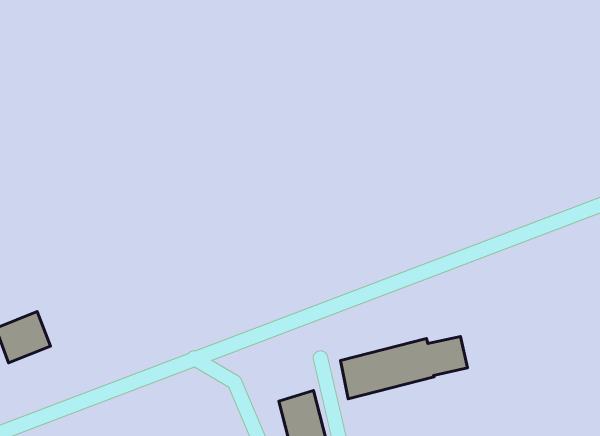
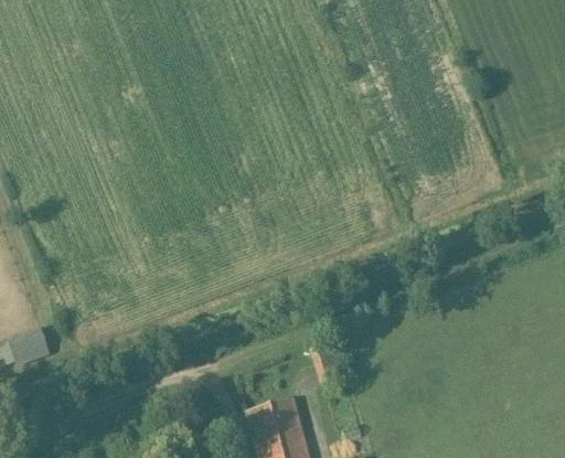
building: [340,337,467,399] -> none

